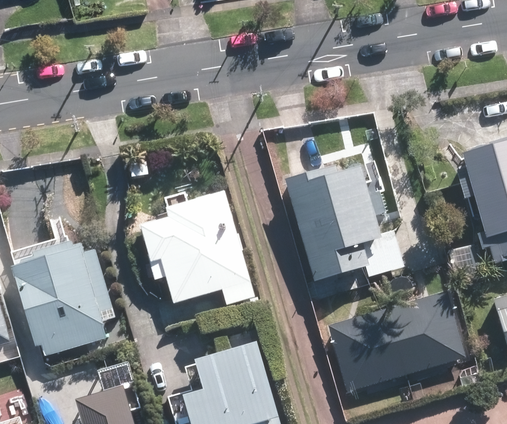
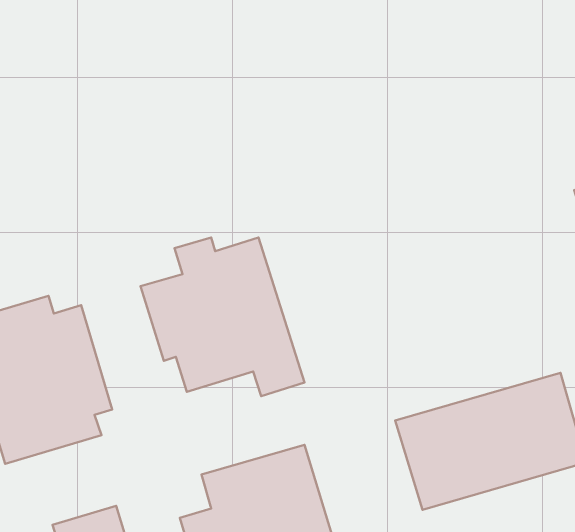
building: [282,163,408,284] -> none

